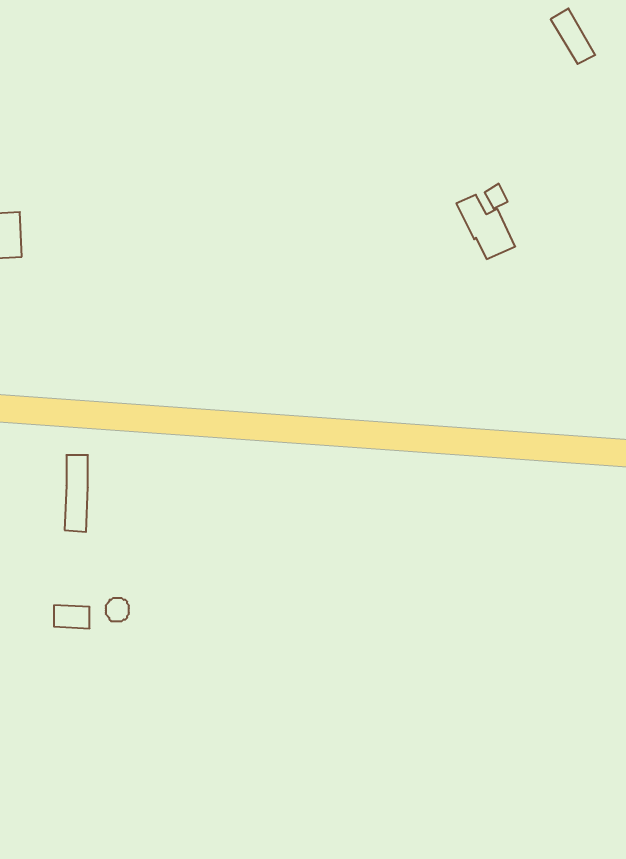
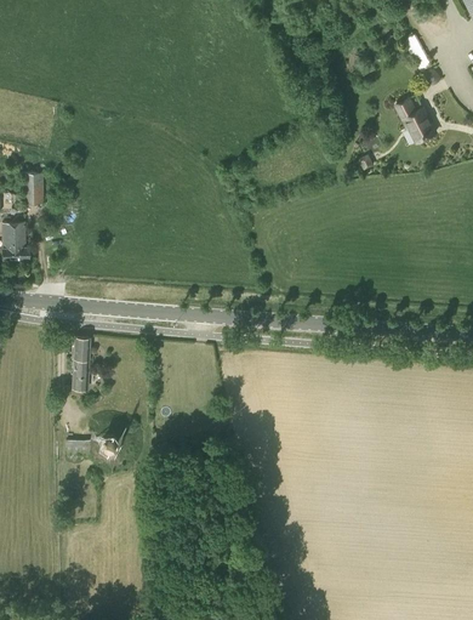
building: [456,195,515,259] -> [395,97,435,141]

